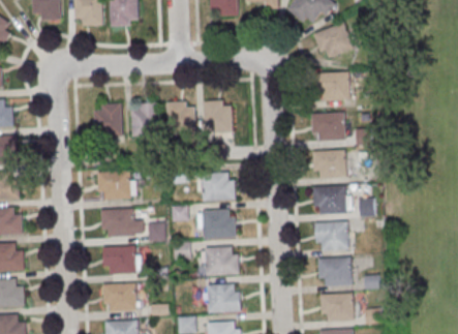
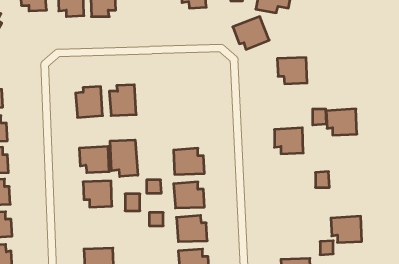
building: [313,22,354,58] -> [233,17,269,49]
building: [203,100,233,133] -> none
building: [166,101,196,135] -> none
building: [311,112,345,141] -> [326,109,357,135]
building: none -> [110,140,138,177]
building: [312,185,345,214] -> none
building: [314,220,347,249] -> none
building: [103,245,135,274] -> none
building: [317,256,352,285] -> [331,216,362,242]

